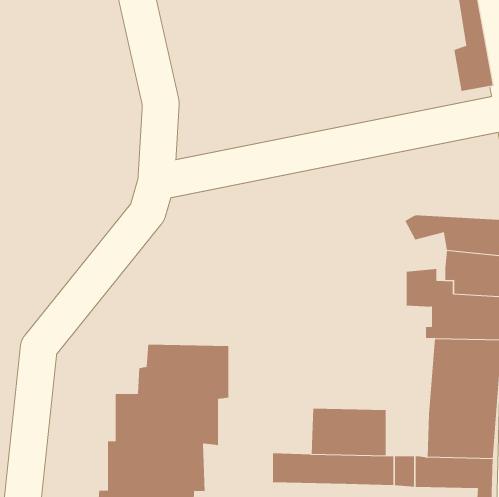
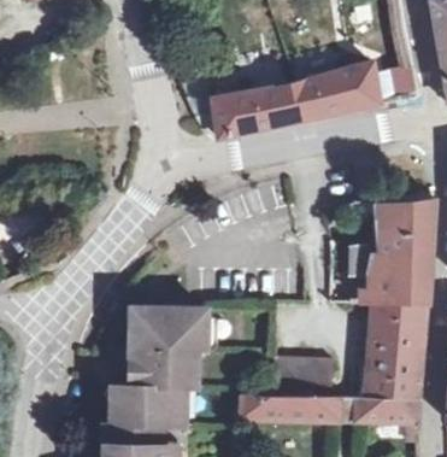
building: none -> [196,63,381,137]

